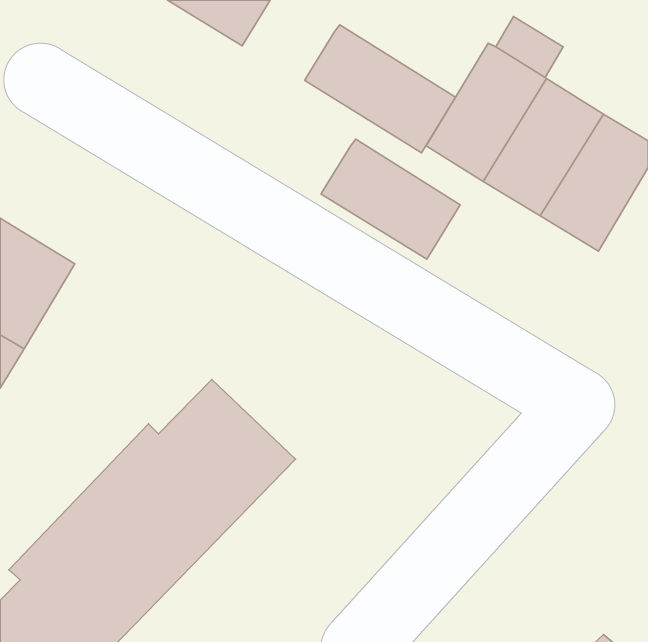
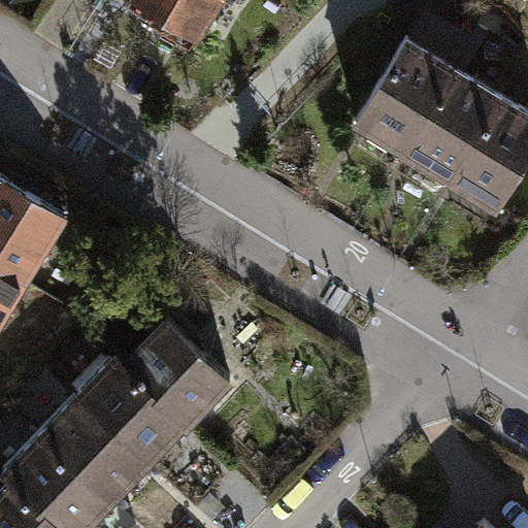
building: [305,25,455,153] -> none
building: [321,139,460,259] -> none

